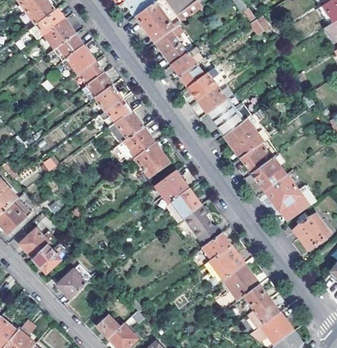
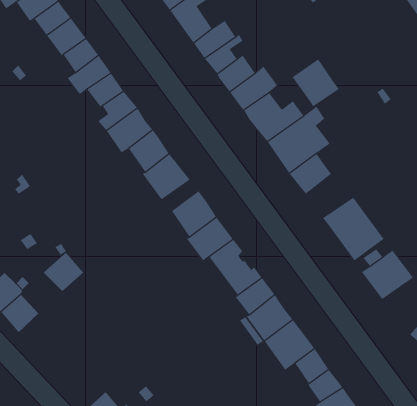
building: none -> [292,59,340,107]
building: [252,157,286,190] -> none
building: [56,269,86,298] -> [43,252,84,292]

